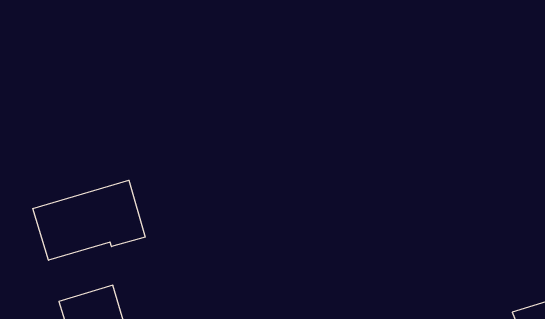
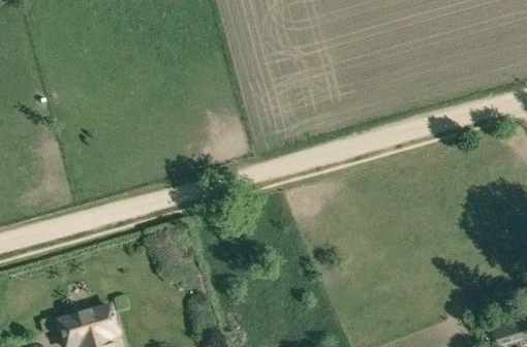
building: [33,180,145,260] -> none

